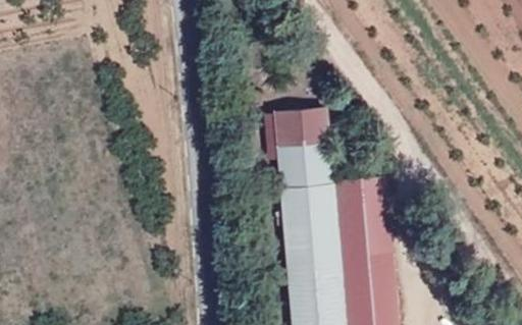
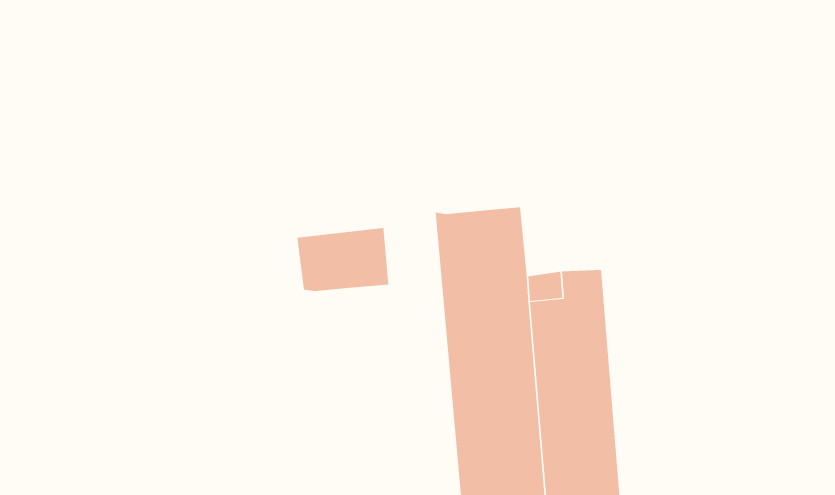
building: [272,106,328,145] -> [296,227,389,292]

